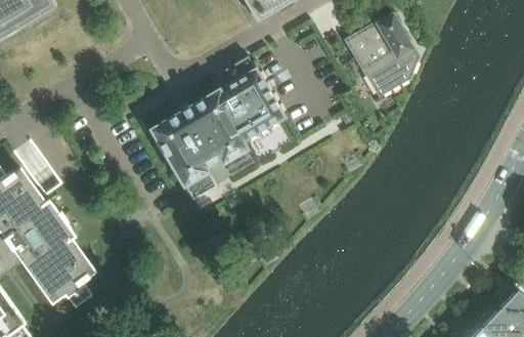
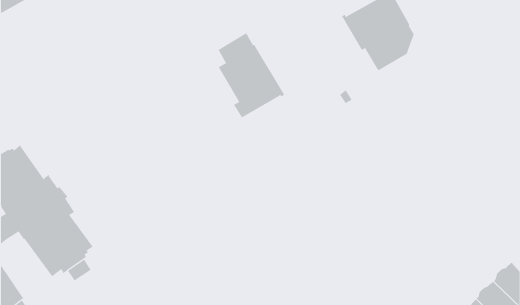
building: [150,89,247,199] -> none

